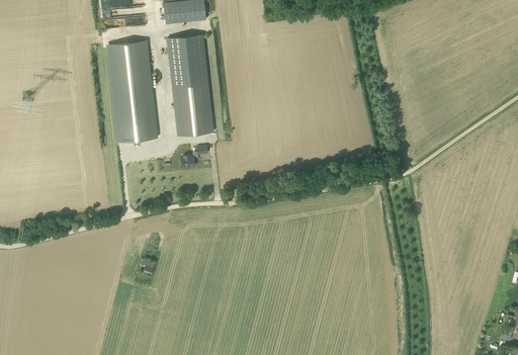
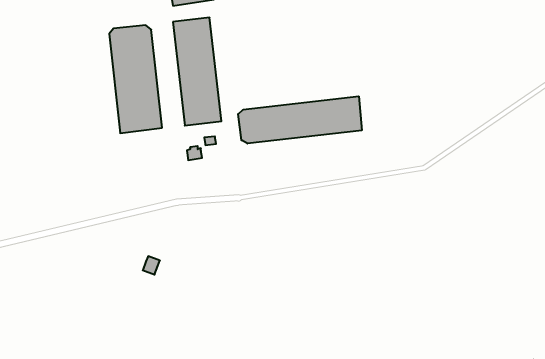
building: none -> [238,96,362,144]

